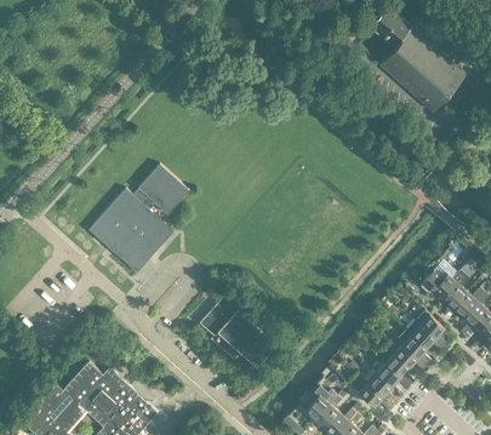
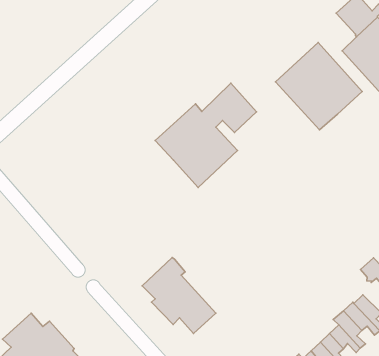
building: none -> [275,42,362,130]
building: [89,165,189,274] -> [155,83,257,187]

